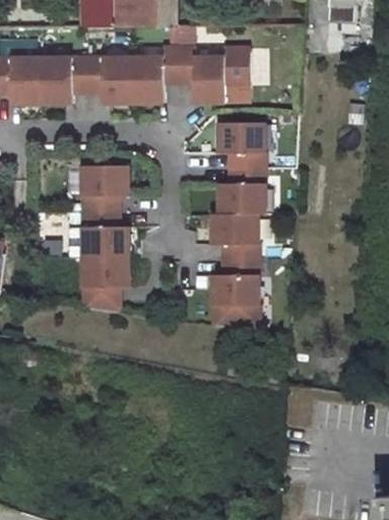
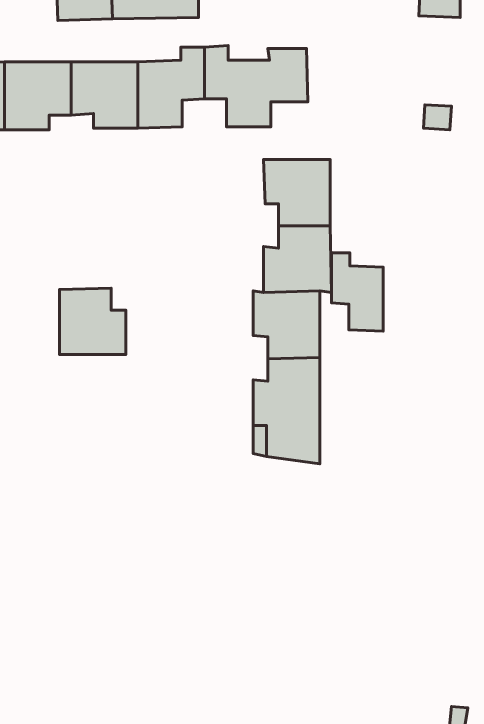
building: [80,166,126,212] -> none
building: none -> [332,253,383,331]
building: [80,257,126,313] -> none

